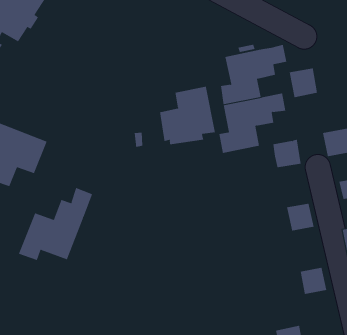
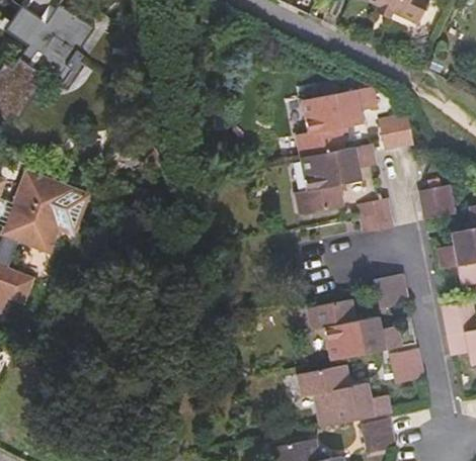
building: [160,86,215,145] -> none
building: [18,187,93,261] -> none
building: none -> [309,299,400,358]
building: none -> [299,365,391,426]

